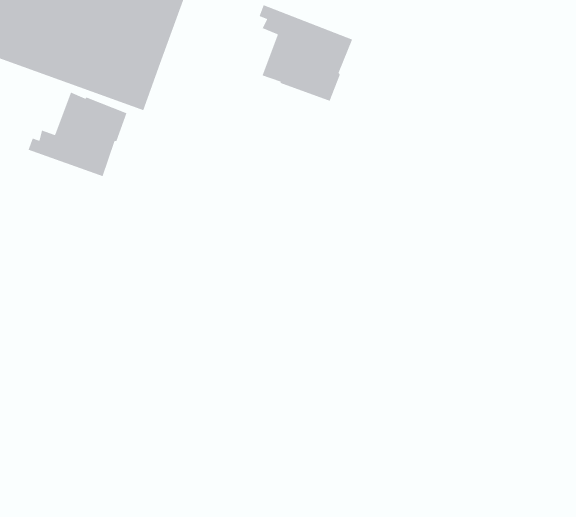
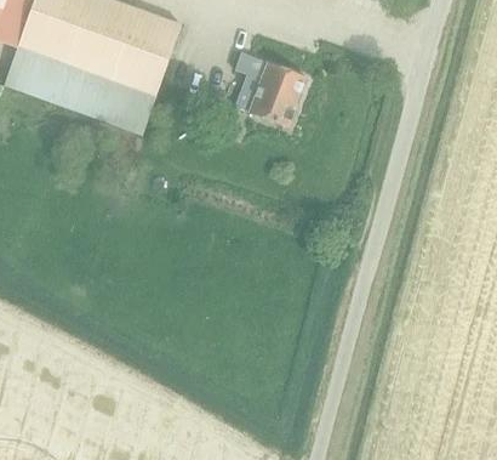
building: [28,91,127,177] -> none

